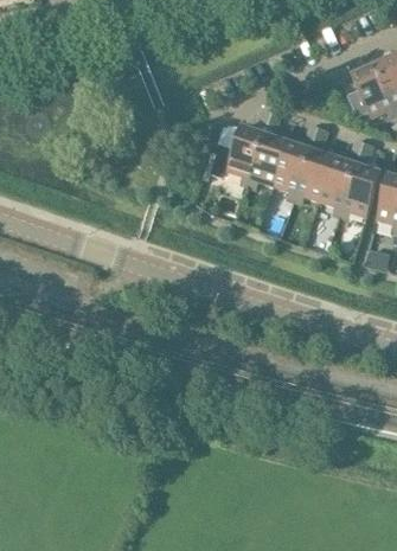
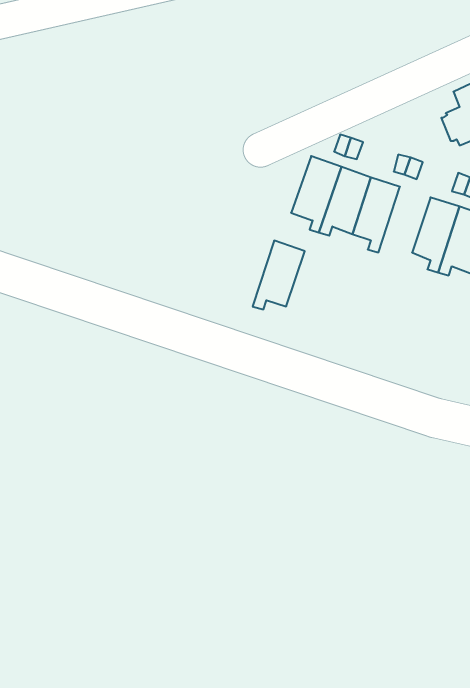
building: [294,147,334,200] -> [253,241,305,309]

